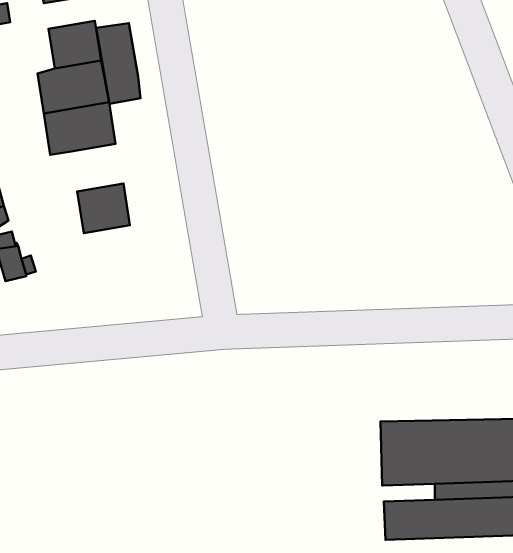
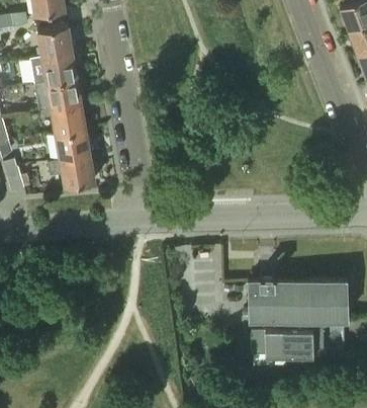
building: [96,23,140,104] -> none
building: none -> [52,106,86,137]
building: none -> [49,158,95,189]

